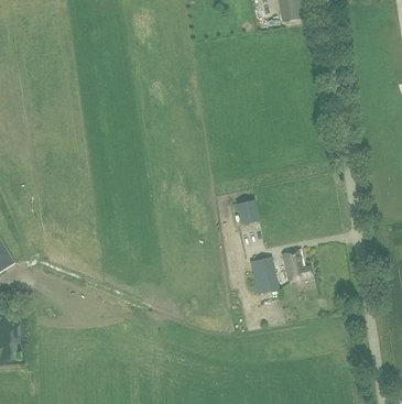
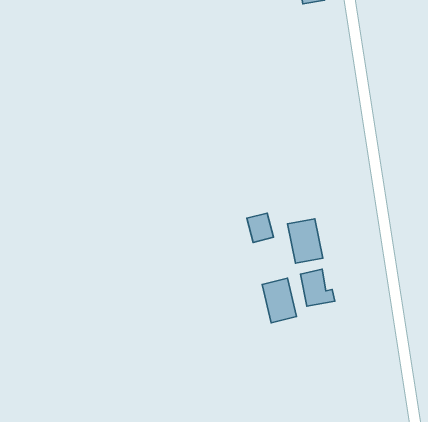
building: none -> [288,219,323,263]

